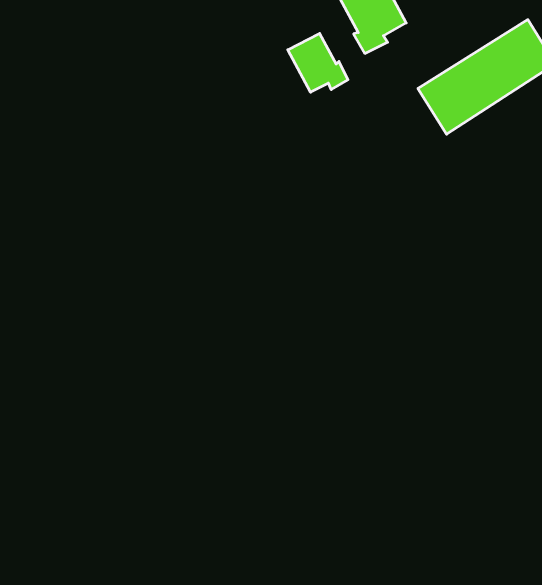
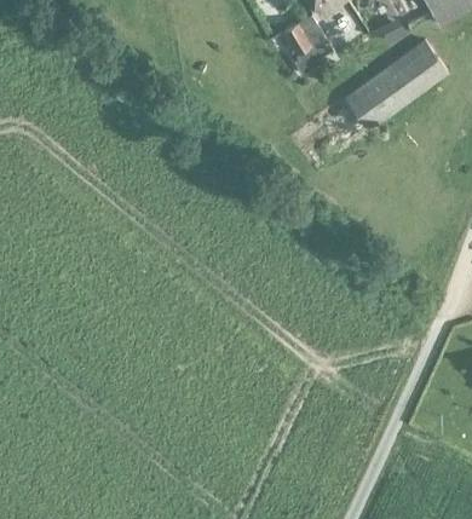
building: [288,33,348,92] -> none

